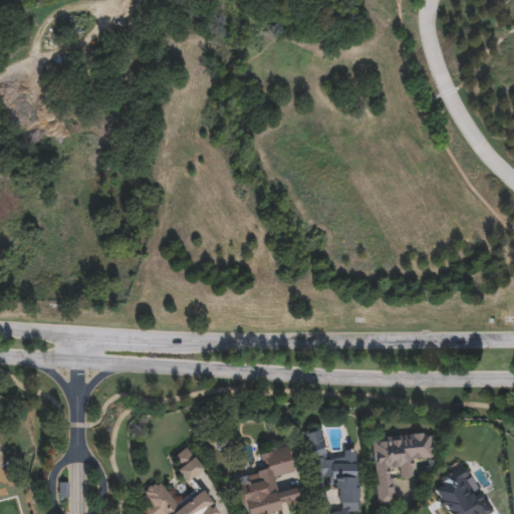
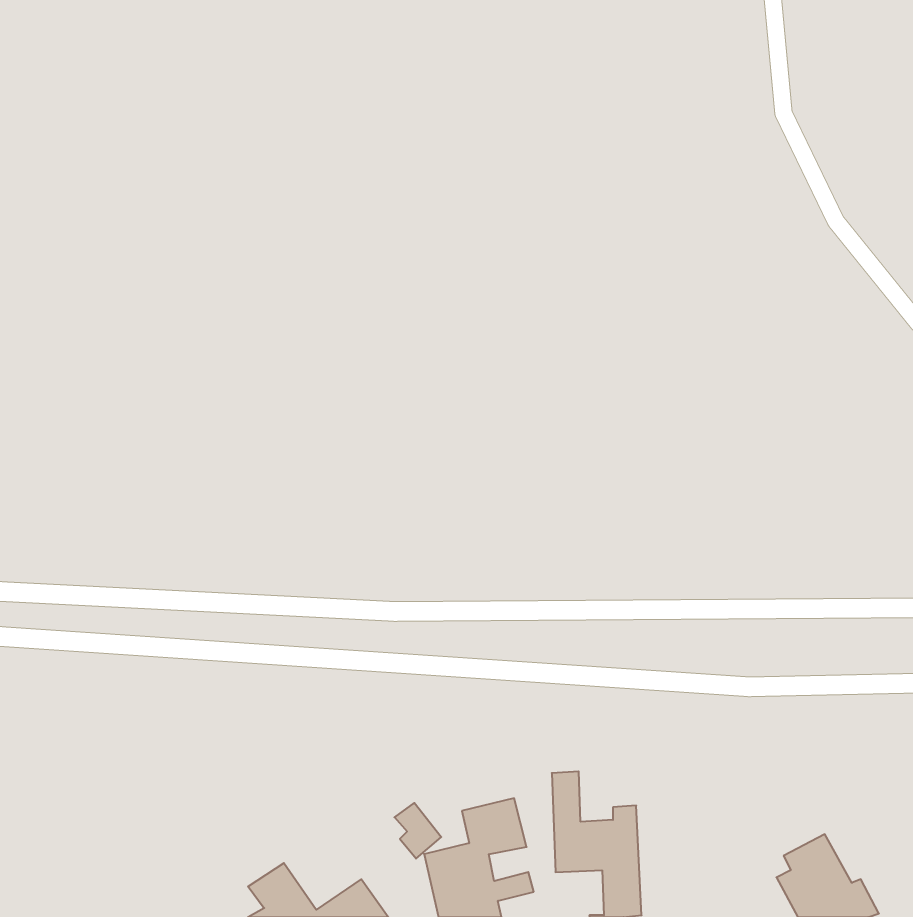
building: [374,433,435,505] -> none
building: [177,451,203,482] -> [394,803,441,859]

